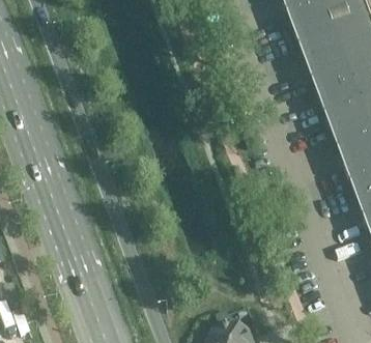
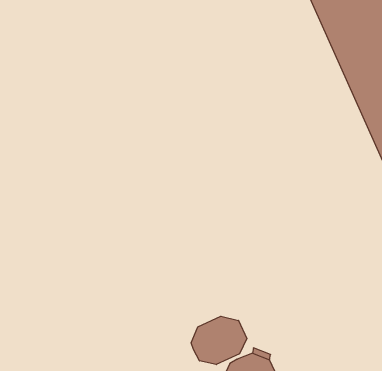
building: none -> [191,316,247,365]

